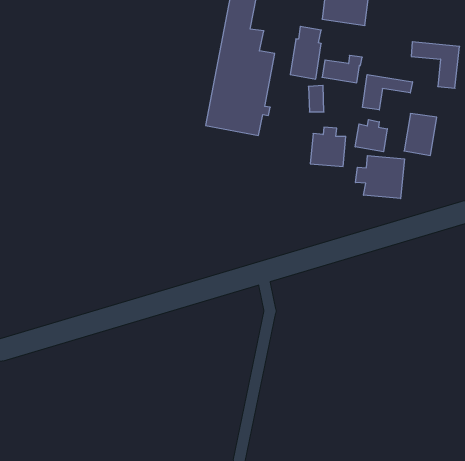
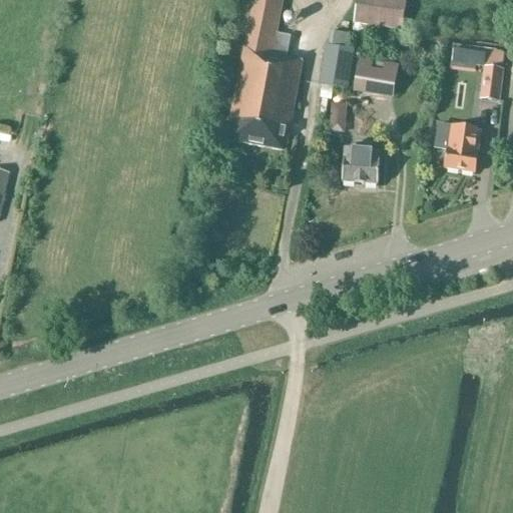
building: [363,75,412,110] -> none
building: [355,120,387,152] -> none
building: [356,156,404,199] -> none

